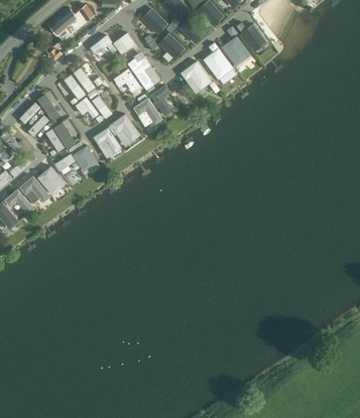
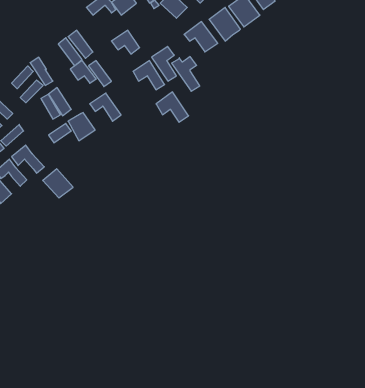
building: [128,56,154,89] -> [172,57,200,91]
building: [110,113,140,141] -> [156,92,189,122]
building: [37,164,66,191] -> [43,169,73,198]

